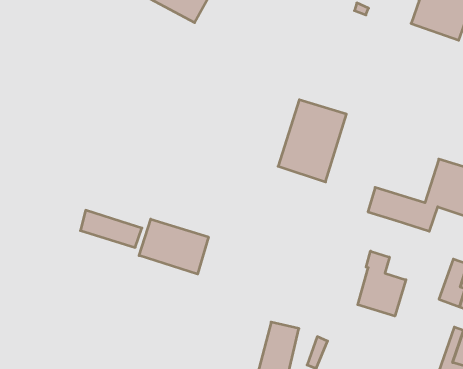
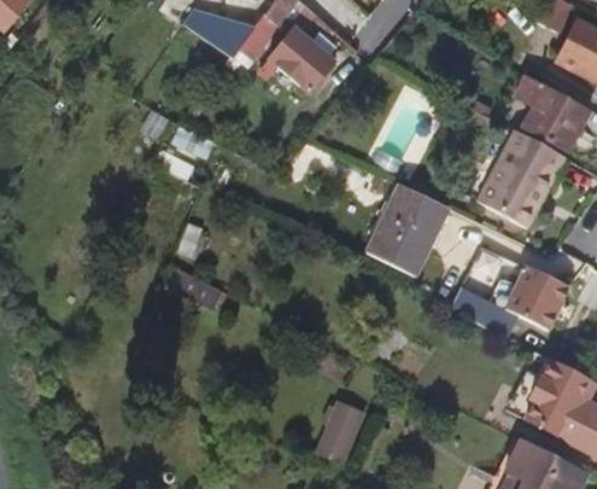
building: none -> [475,129,564,228]
building: [139,219,208,274] -> none
building: [358,251,406,316] -> none

